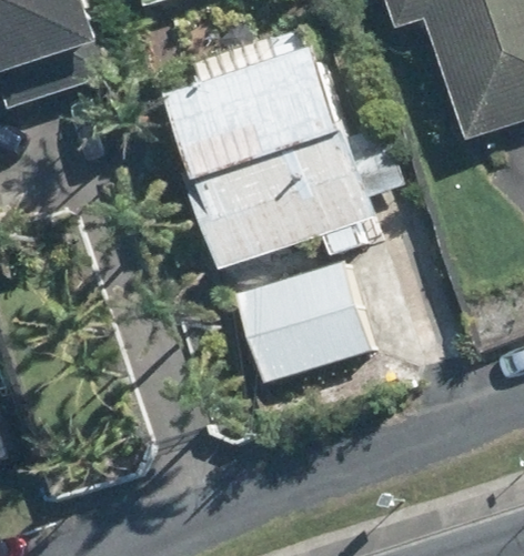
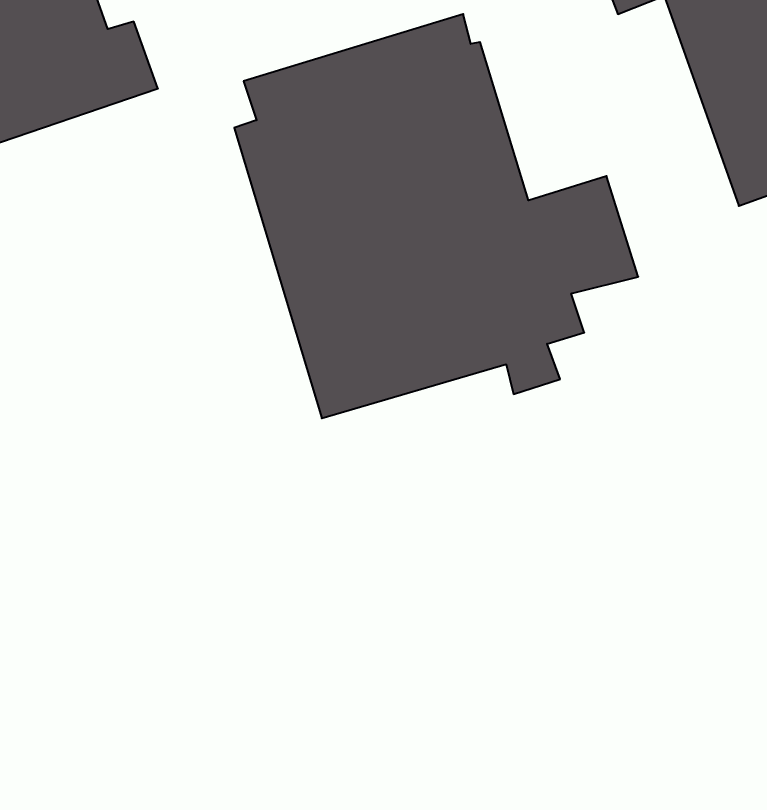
building: [235,262,369,382] -> none

